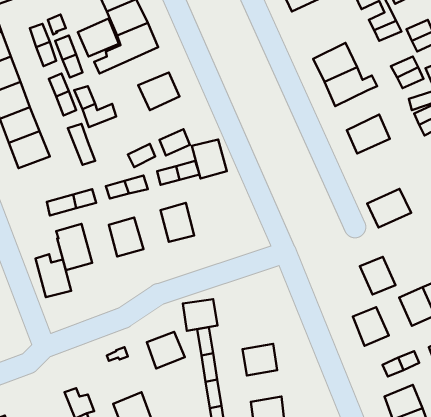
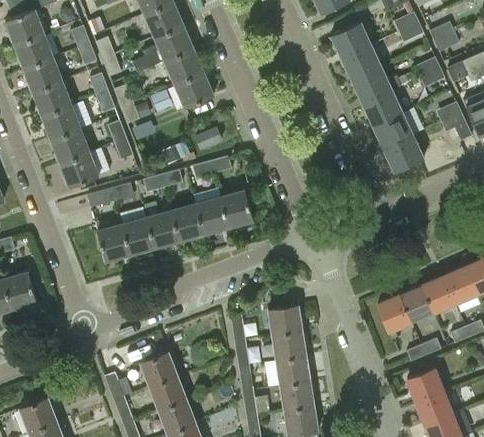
building: [78,19,119,56] -> [164,48,203,84]
building: none -> [329,21,378,59]
building: none -> [361,89,403,127]
building: [192,139,227,178] -> [219,190,252,227]
building: none -> [60,152,99,188]
building: [367,189,411,228] -> [382,135,424,172]
building: none -> [170,203,203,240]
building: [35,254,71,297] -> [120,212,154,253]
building: [360,257,396,295] -> [400,286,434,322]
building: [183,299,217,331] -> [269,305,302,335]
building: [147,332,185,369] -> [141,352,177,387]
building: none -> [277,355,310,385]

